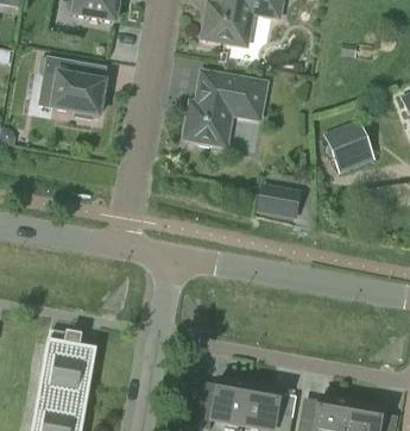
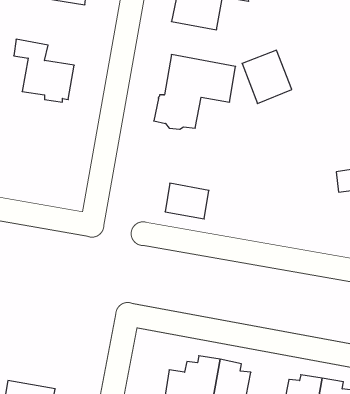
building: [323,119,373,173] -> [242,50,292,104]
building: [256,183,299,219] -> [165,183,209,219]
building: [37,330,94,407] -> none

